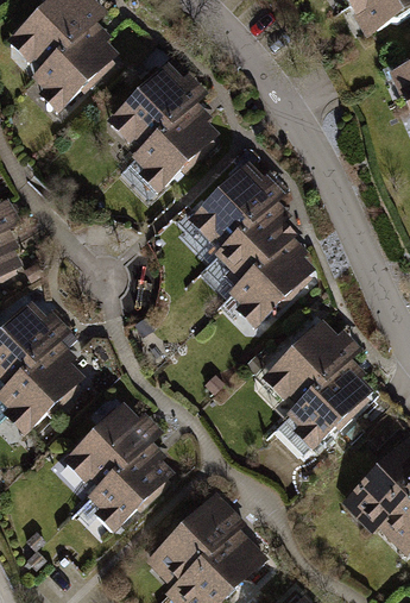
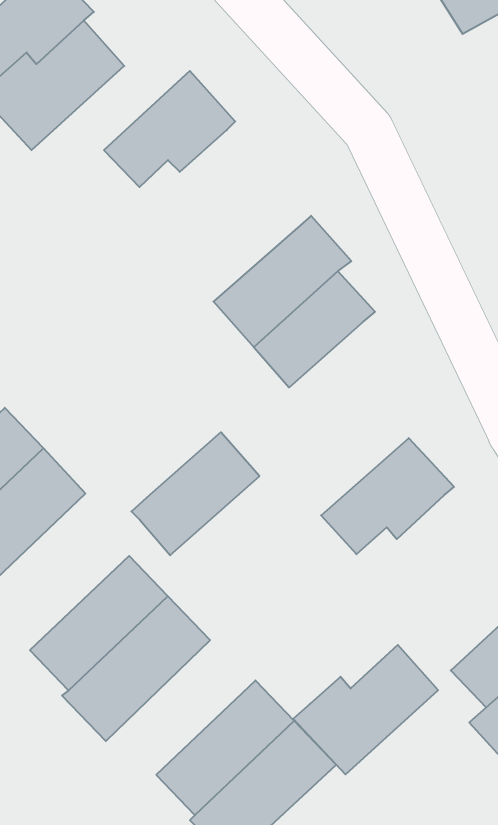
building: [121,101,223,193] -> none
building: [228,237,318,324] -> [131,432,259,555]
building: [275,359,377,451] -> [293,645,438,774]

